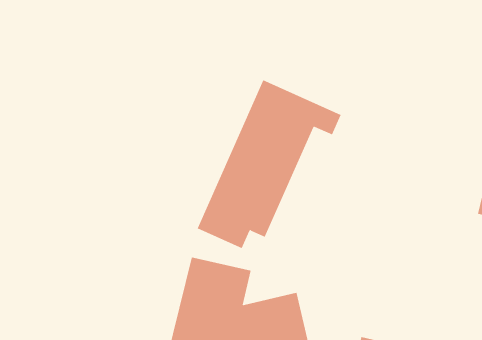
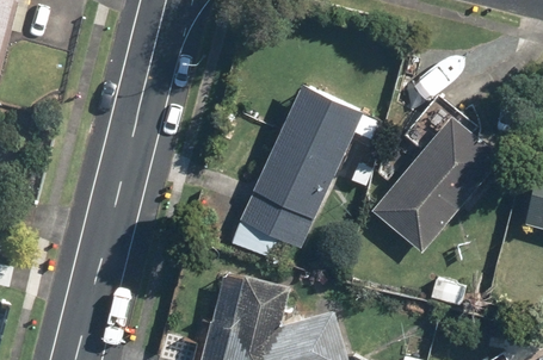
building: none -> [372,116,501,252]

